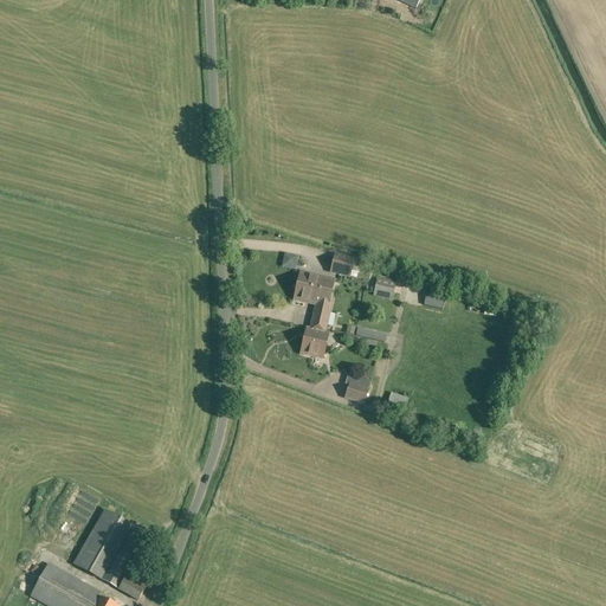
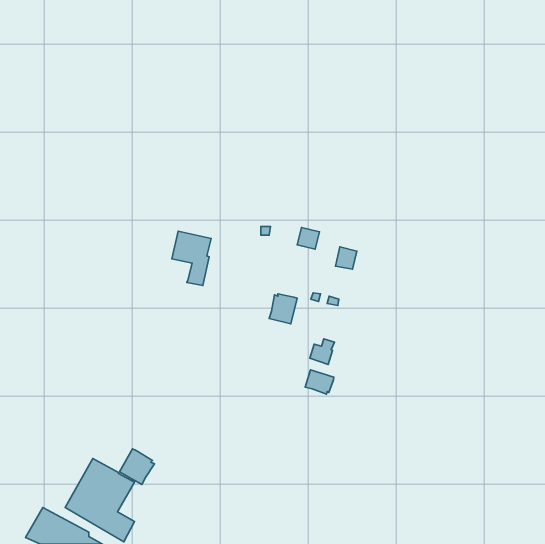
building: [291,269,335,329] -> [172,231,211,286]
building: none -> [305,370,334,394]
building: none -> [120,449,154,484]

